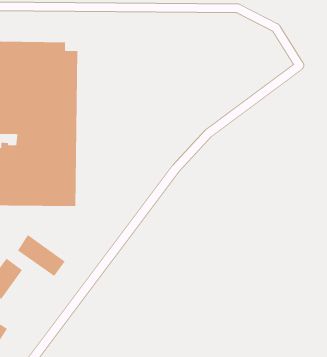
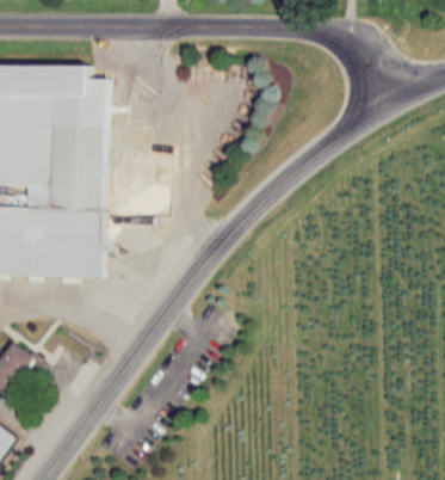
building: [17,234,65,277] -> none

